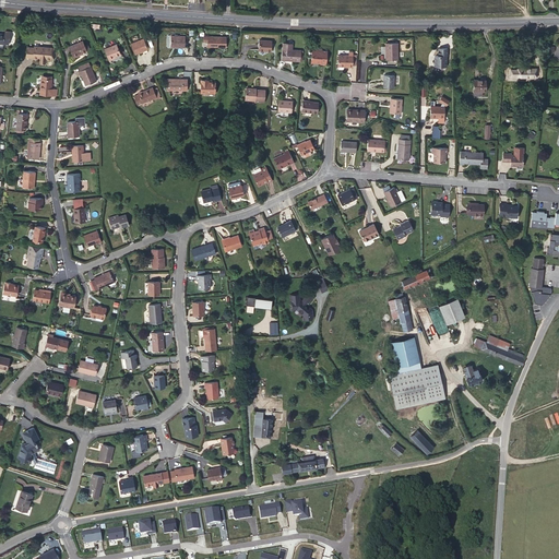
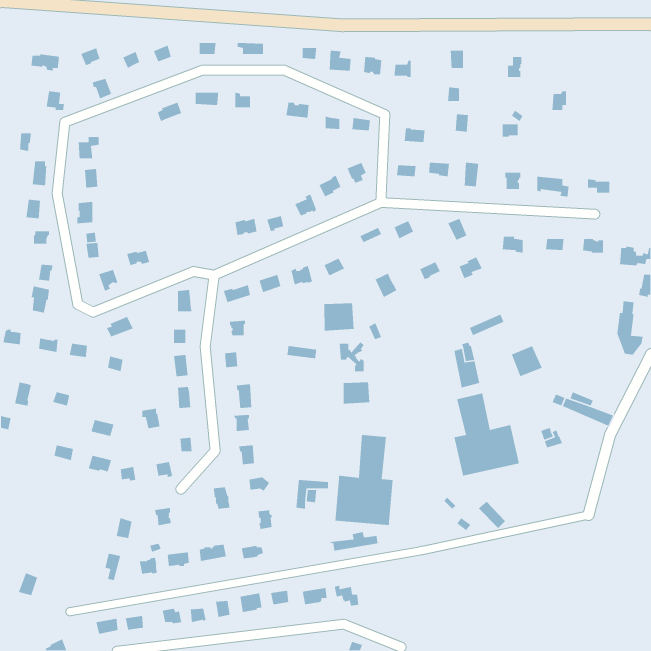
building: none -> [324,302,355,331]
building: none -> [343,381,370,405]
building: none -> [334,434,393,526]
building: [17,428,56,474] -> none

